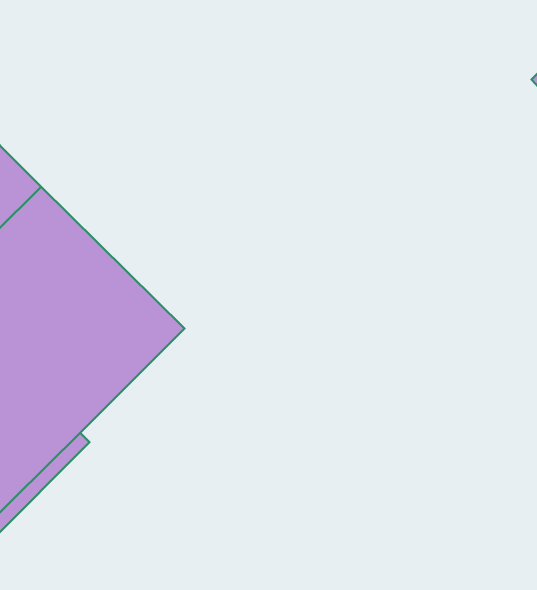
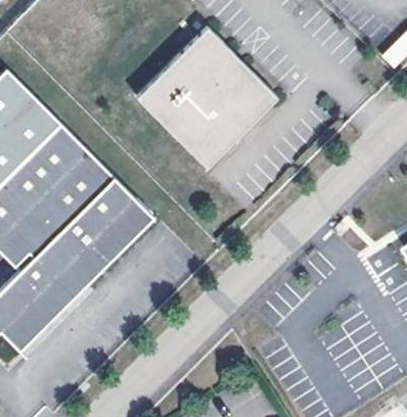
building: none -> [136,27,277,168]

